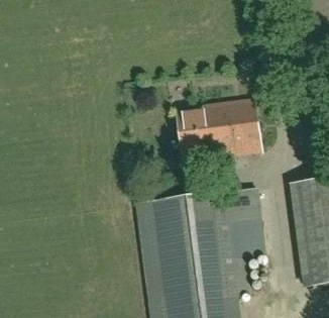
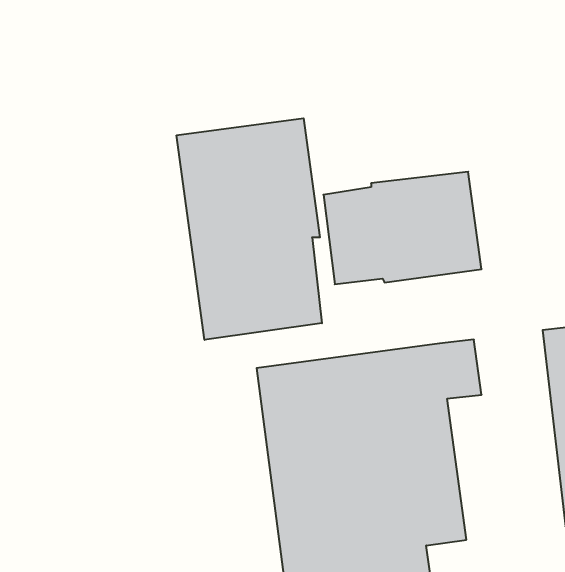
building: none -> [177,118,322,340]

